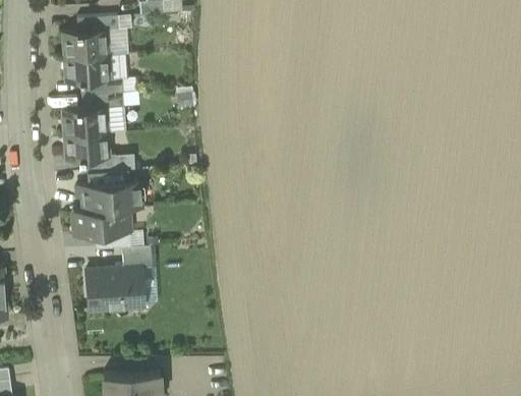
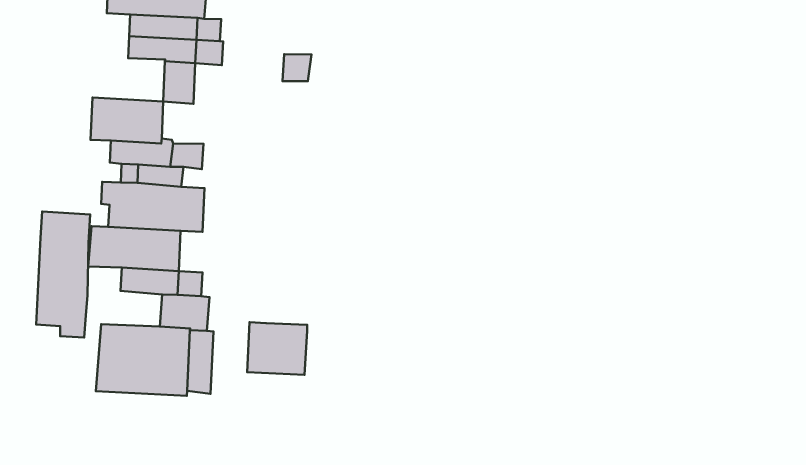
building: [61,104,106,132] -> none
building: none -> [36,212,90,338]
building: none -> [247,322,307,375]

